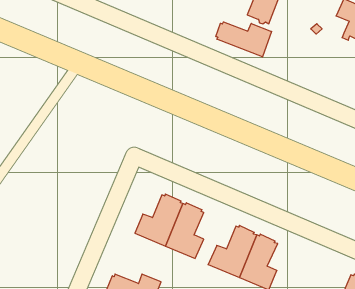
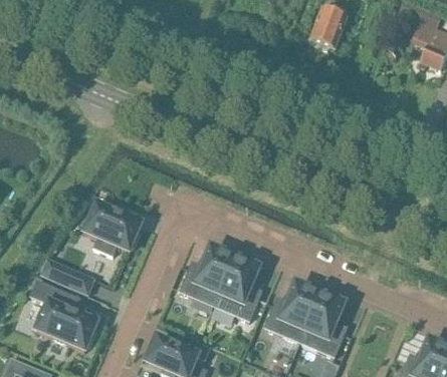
building: [216,22,272,57] -> none
building: none -> [84,204,141,255]
building: none -> [42,258,94,293]
building: none -> [30,279,96,349]

